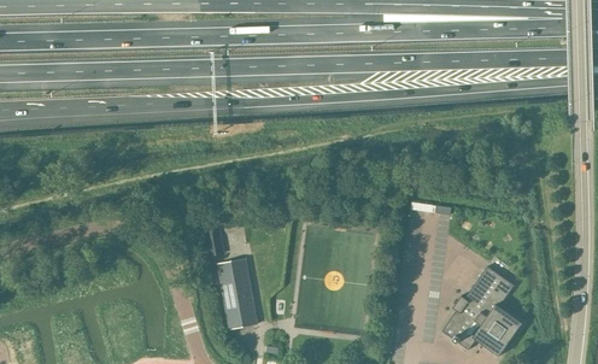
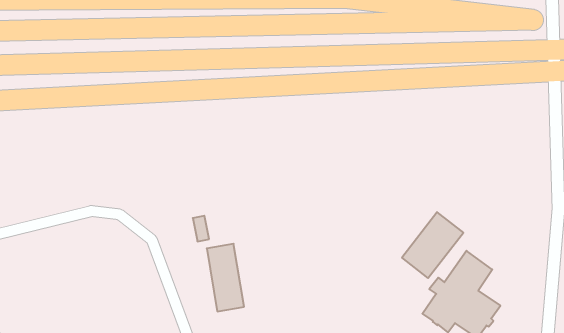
building: none -> [402,212,463,278]

